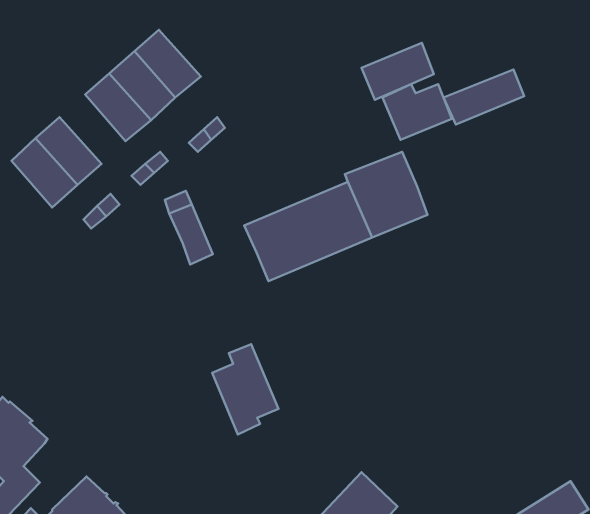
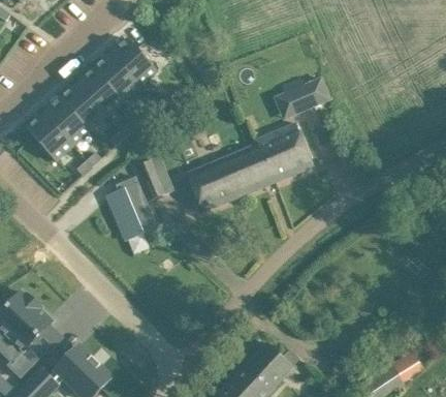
building: [361,43,434,100] -> none
building: [443,70,524,124] -> none
building: none -> [60,84,105,131]
building: [212,344,278,434] -> [108,177,154,239]

